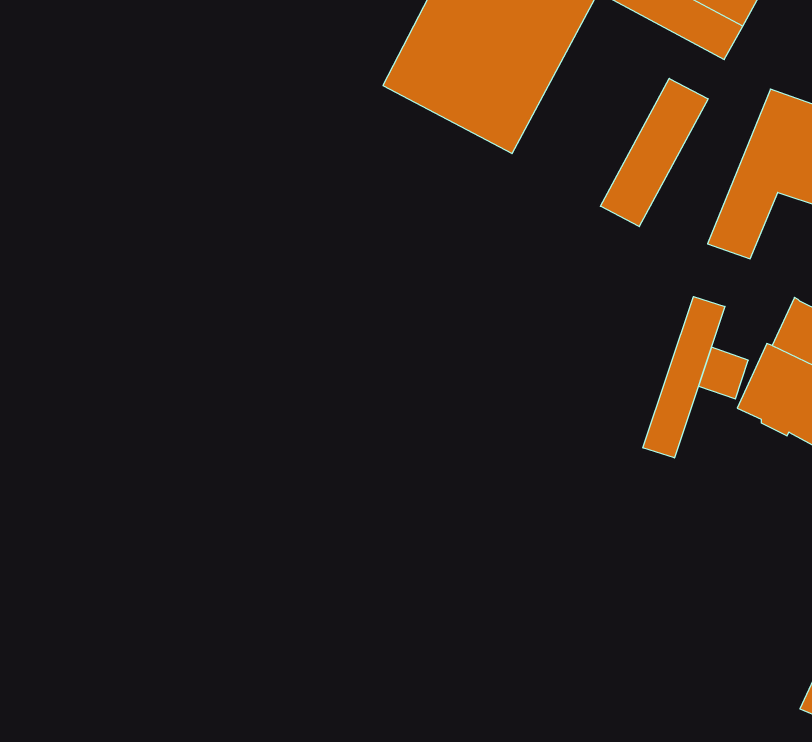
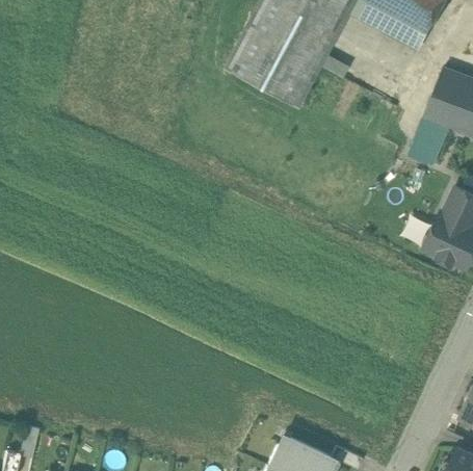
building: [600,78,708,227] -> none
building: [643,297,725,458] -> none

